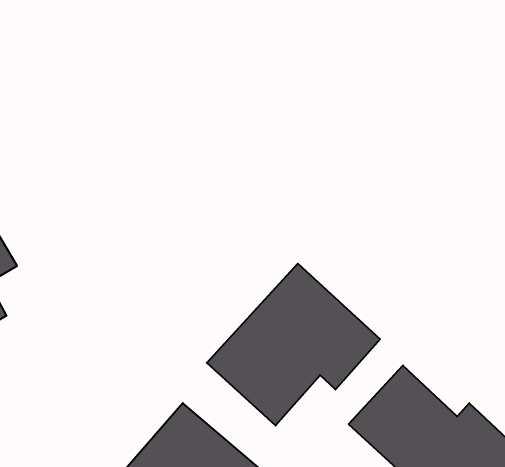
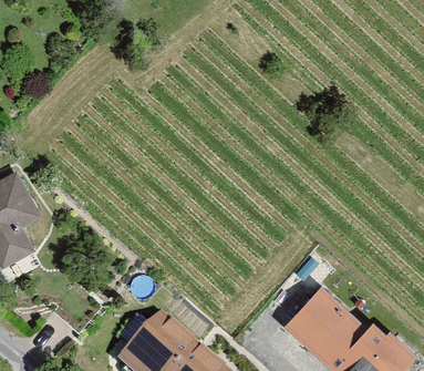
building: [207,264,380,426] -> none

